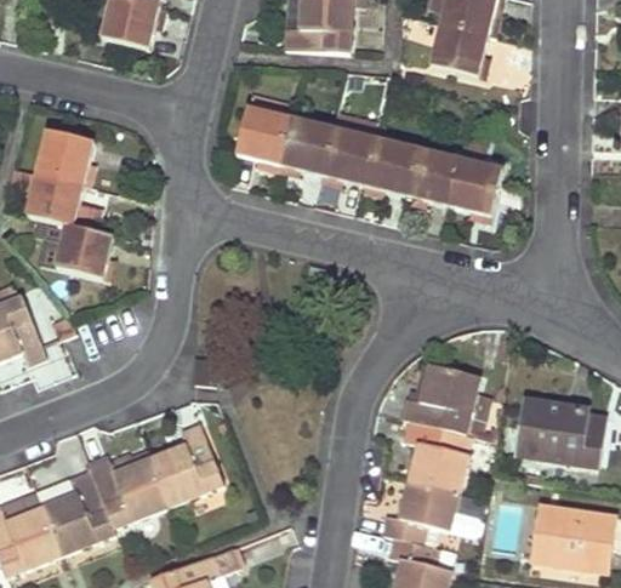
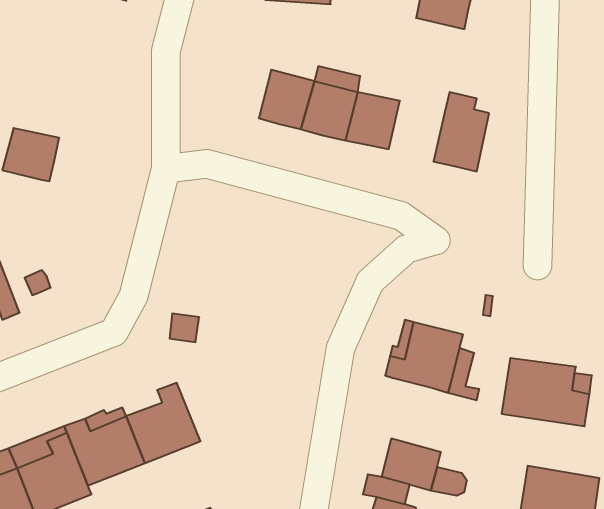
building: [235,96,292,165] -> none
building: [38,131,92,184] -> none
building: [405,148,460,207] -> none
building: [56,226,112,279] -> none
building: [404,419,466,492] -> none

